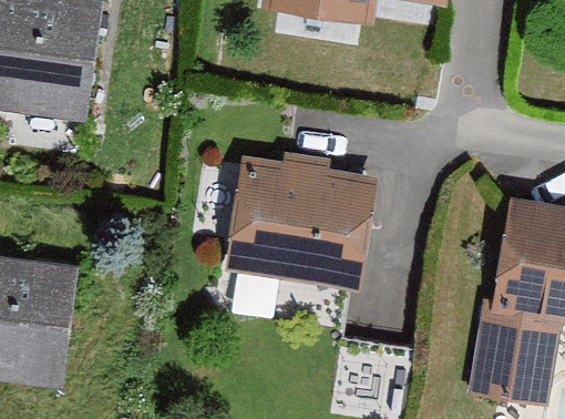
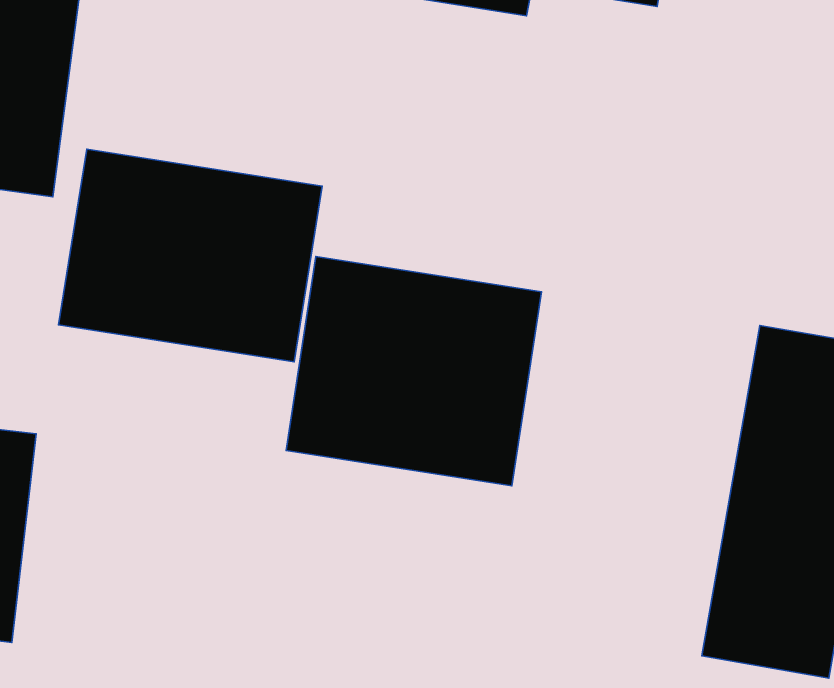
building: none -> [59,149,322,362]

